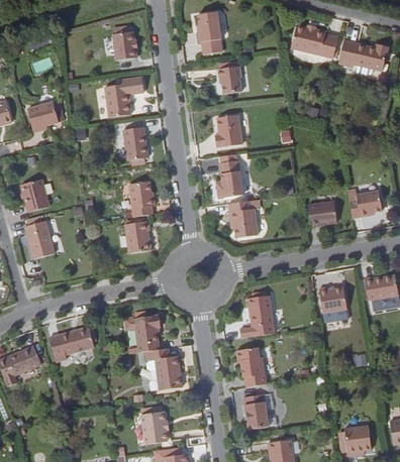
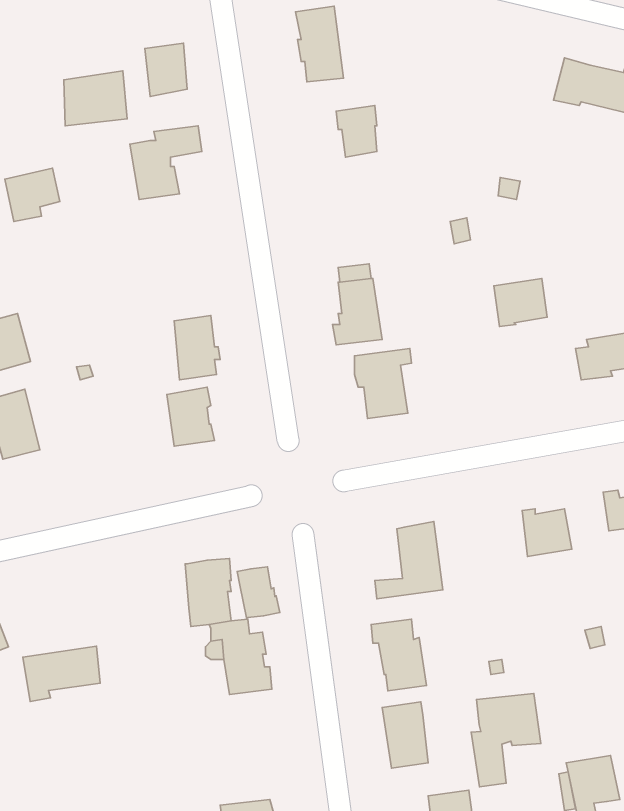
building: [291,26,336,59] -> none
building: none -> [64,71,127,126]
building: [215,114,242,146] -> none
building: [124,129,147,161] -> none
building: [308,200,337,226] -> [494,279,547,326]
building: none -> [237,567,280,618]
building: [49,325,92,355] -> [23,646,100,701]
building: none -> [471,693,541,787]
building: [142,411,168,443] -> none

